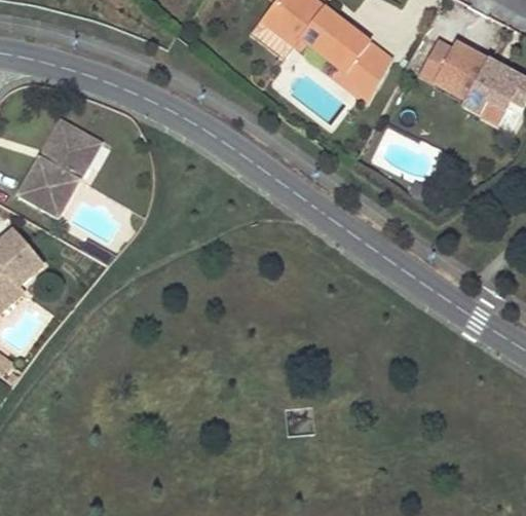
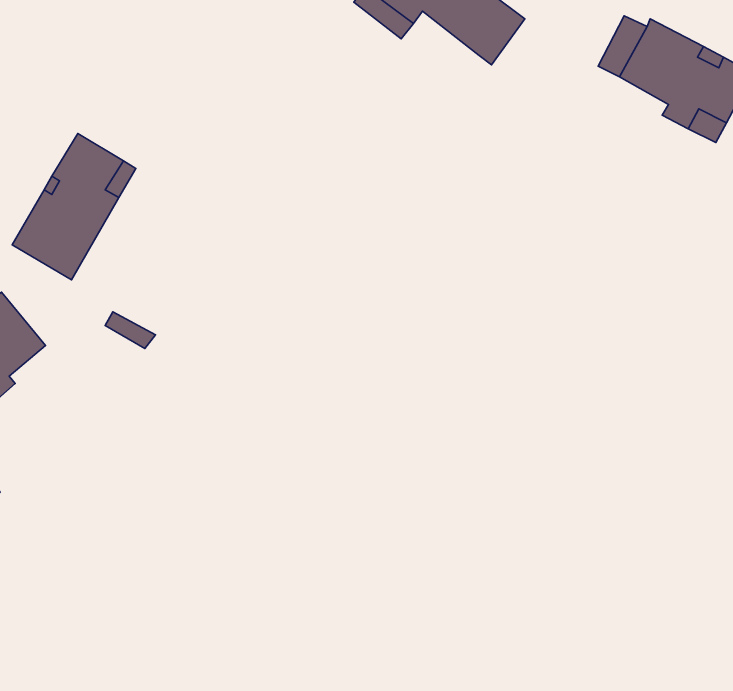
building: [330,41,389,102] -> none

